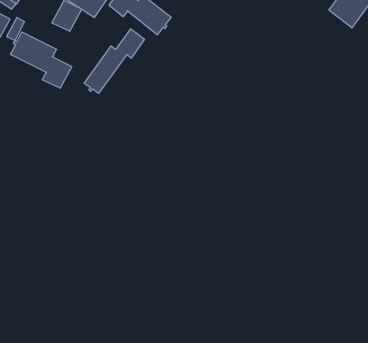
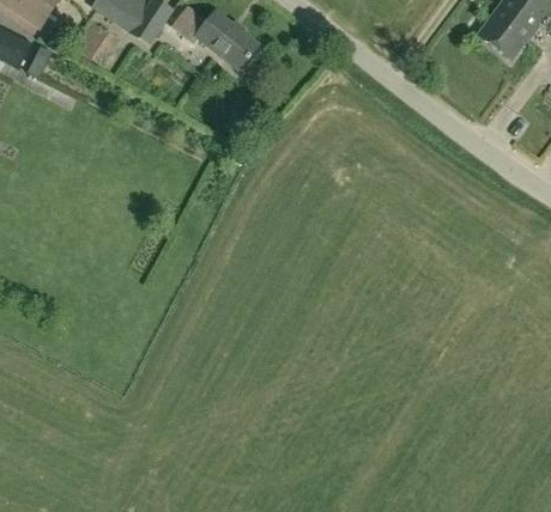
building: [84,29,145,93] -> none
building: [11,32,72,88] -> none

